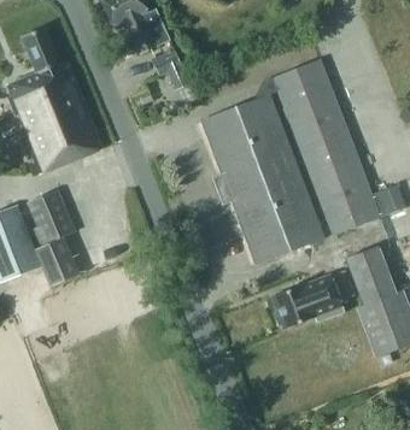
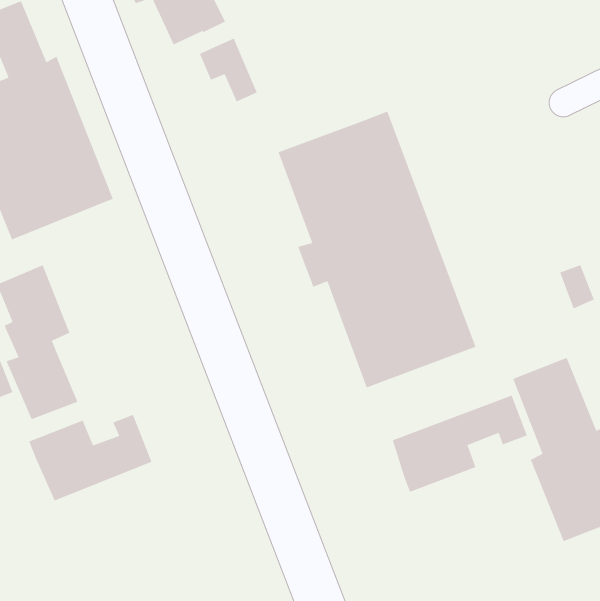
building: [273,60,377,235] -> none
building: none -> [28,414,152,501]

